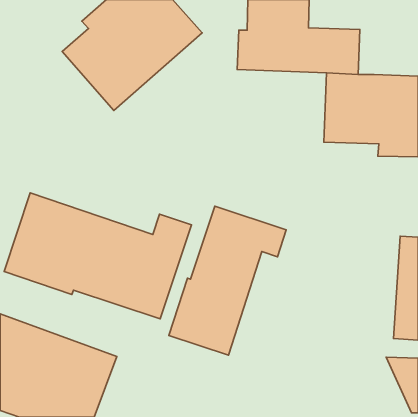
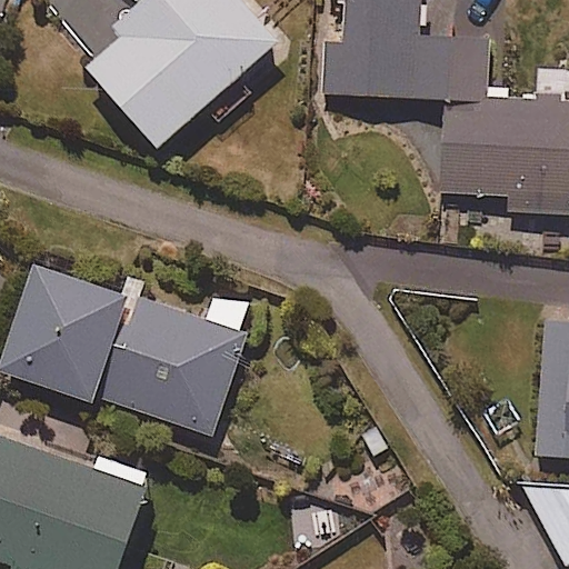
building: [169,206,286,355] -> none

